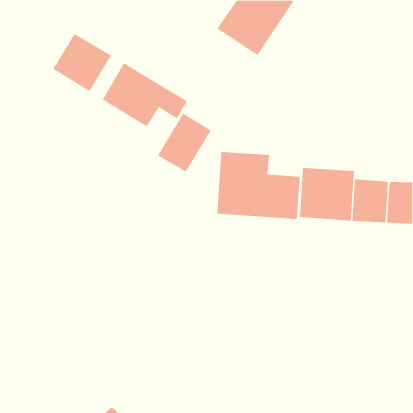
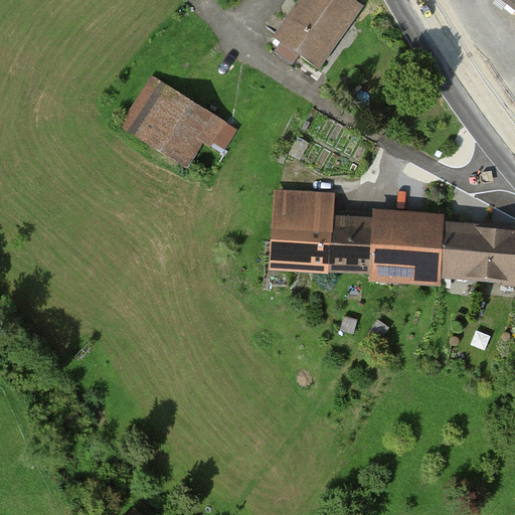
building: [52,33,112,92] -> none
building: [157,113,211,173] -> none

